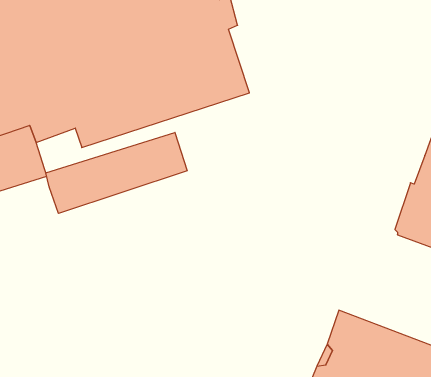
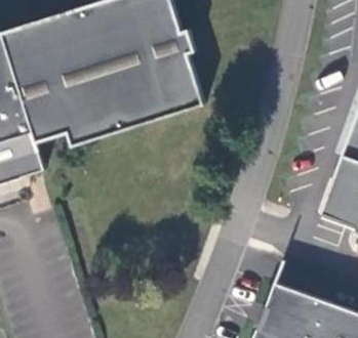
building: [46,132,187,213] -> none

